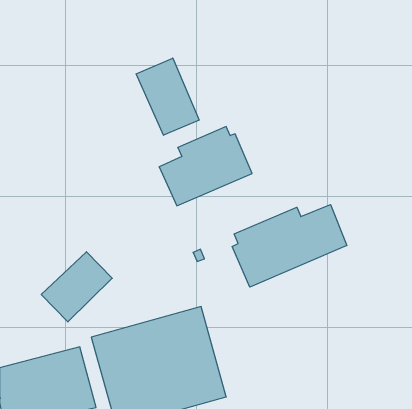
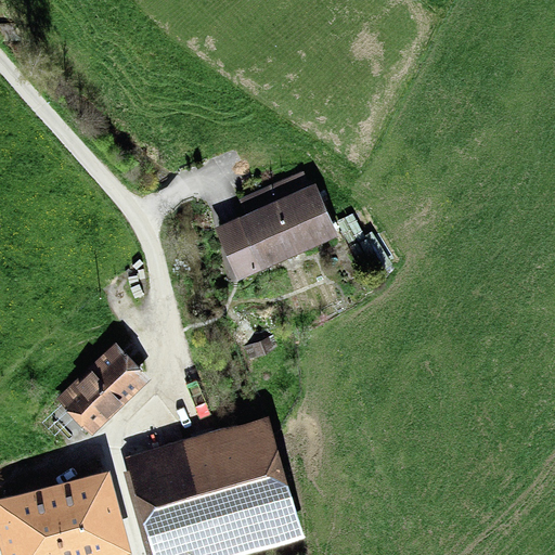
building: [136,58,199,135] -> none
building: [232,205,347,287] -> none

